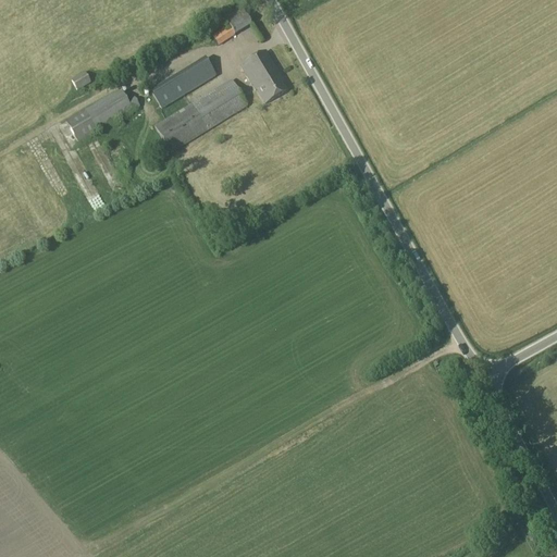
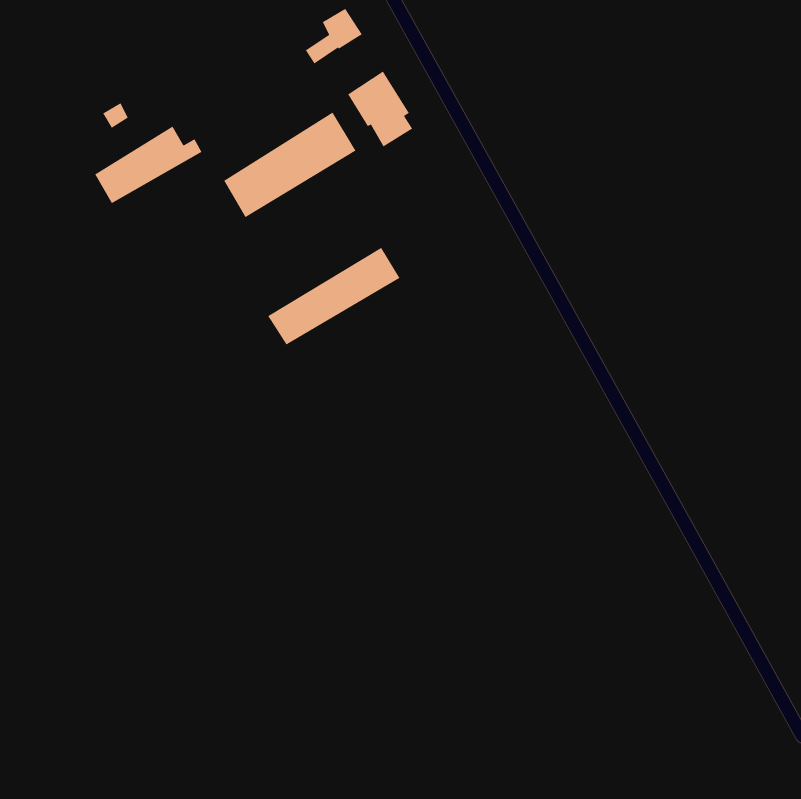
building: [151,57,216,109] -> none
building: none -> [267,247,401,346]

